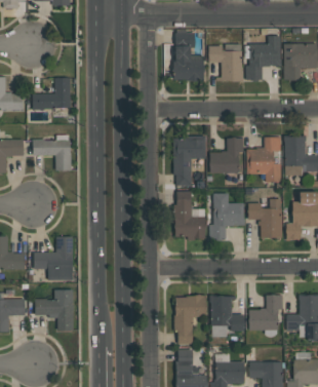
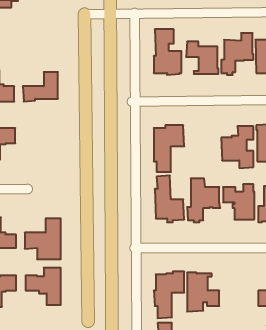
building: [33,125,72,170] -> none
building: [210,138,243,171] -> none
building: [249,295,282,330] -> none

